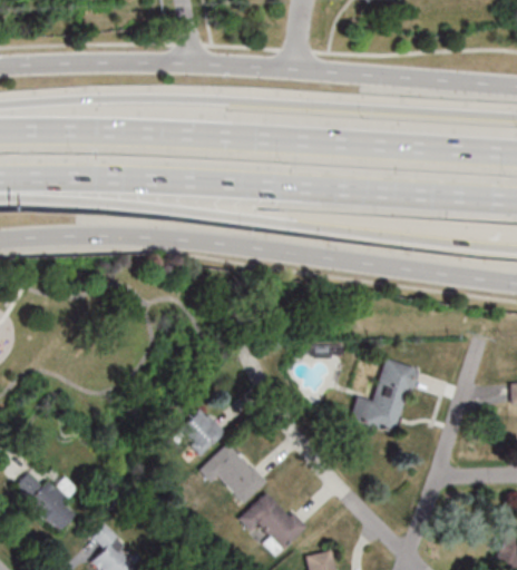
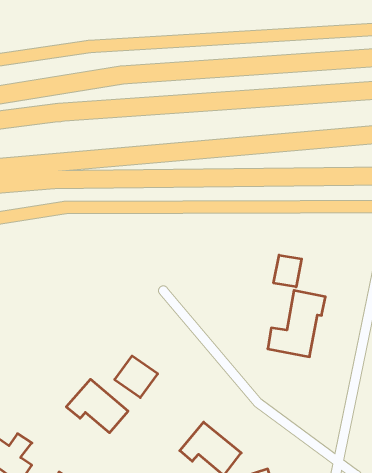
building: none -> [274,255,302,287]
building: [199,442,266,503] -> [66,379,128,433]

